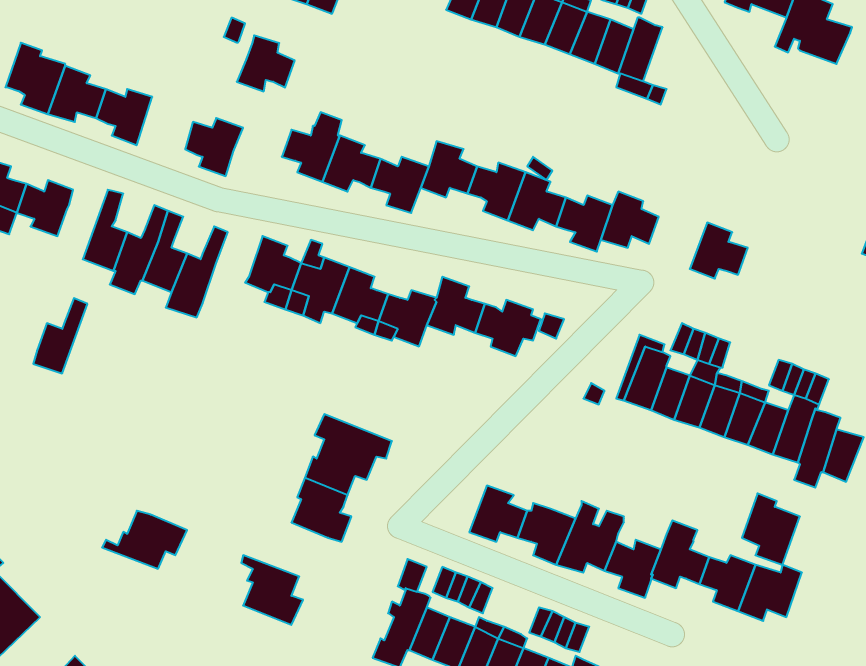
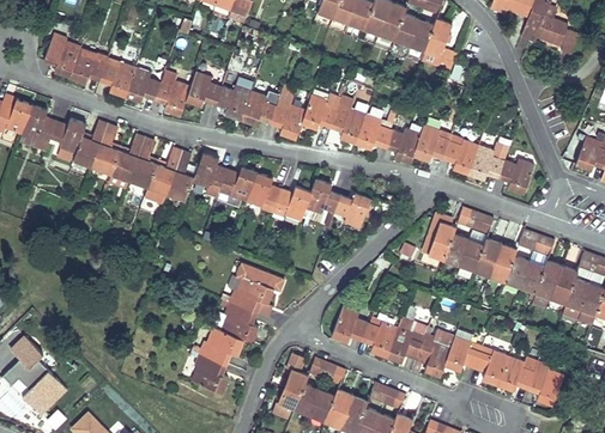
building: [237,35,295,91] -> [186,72,222,106]
building: none -> [126,67,161,102]
building: none -> [443,140,479,173]
building: none -> [167,151,195,201]
building: none -> [498,159,534,194]
building: [33,298,87,373] -> [74,121,108,167]
building: [742,493,800,565] -> [528,361,564,405]
building: [102,511,187,569] -> [192,328,244,364]

